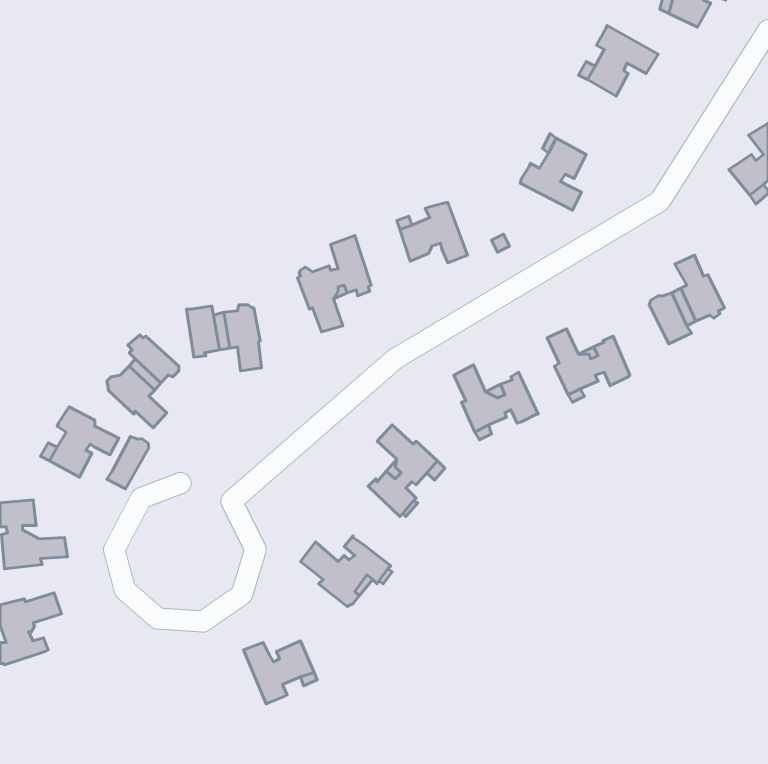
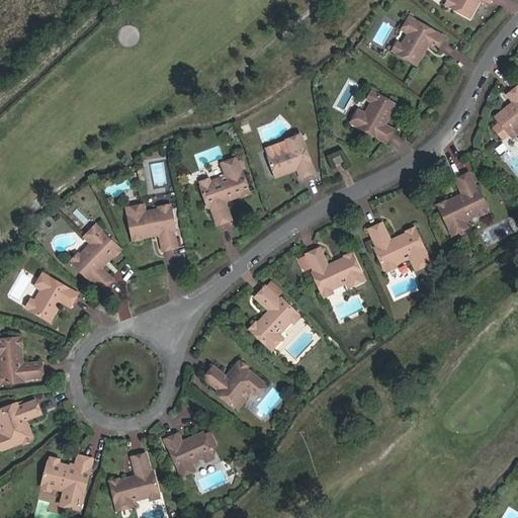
building: [107,436,149,489] -> none
building: none -> [110,454,158,509]
building: none -> [40,455,92,506]

